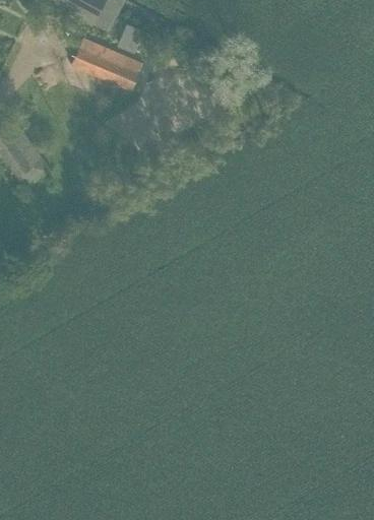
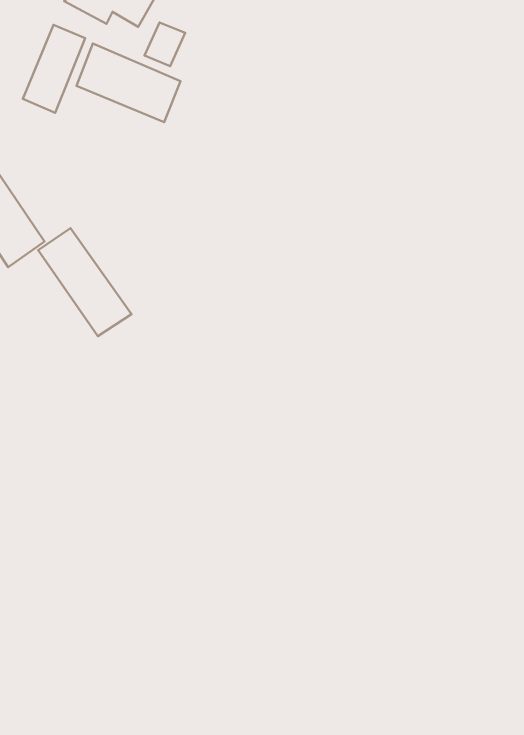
building: none -> [23,25,85,113]
building: none -> [38,228,131,336]

